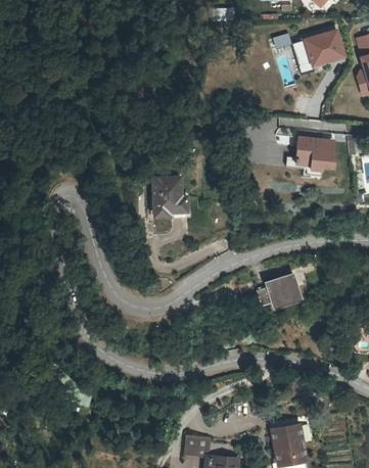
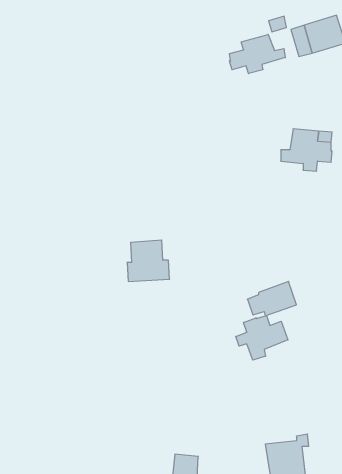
building: none -> [229,34,285,74]
building: [149,177,188,215] -> [127,240,170,281]
building: none -> [236,316,288,360]

